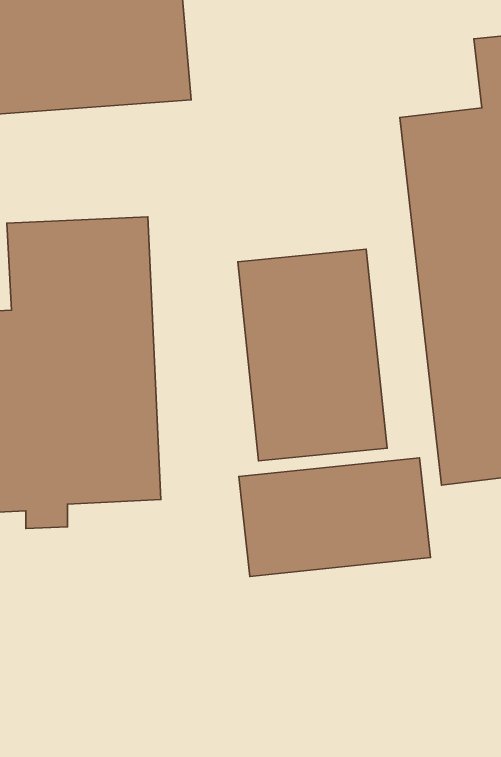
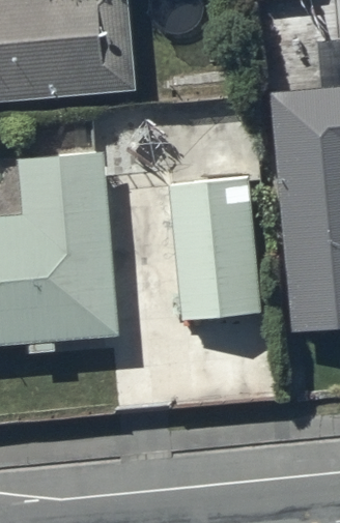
building: [239,458,431,576] -> none

